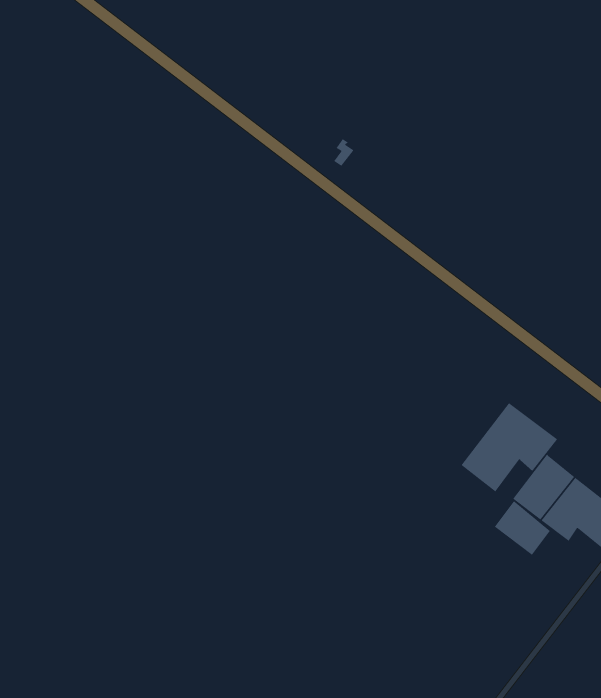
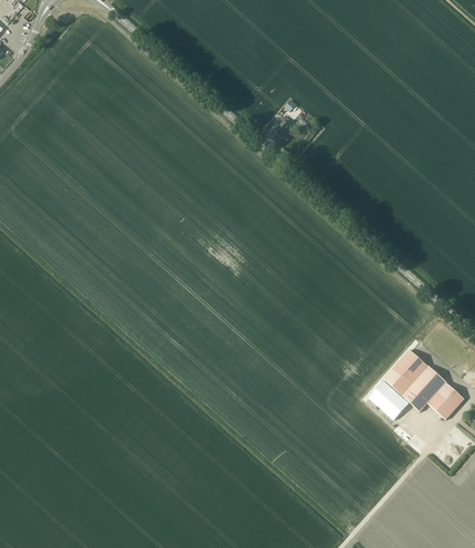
building: [461,402,558,492] -> none

